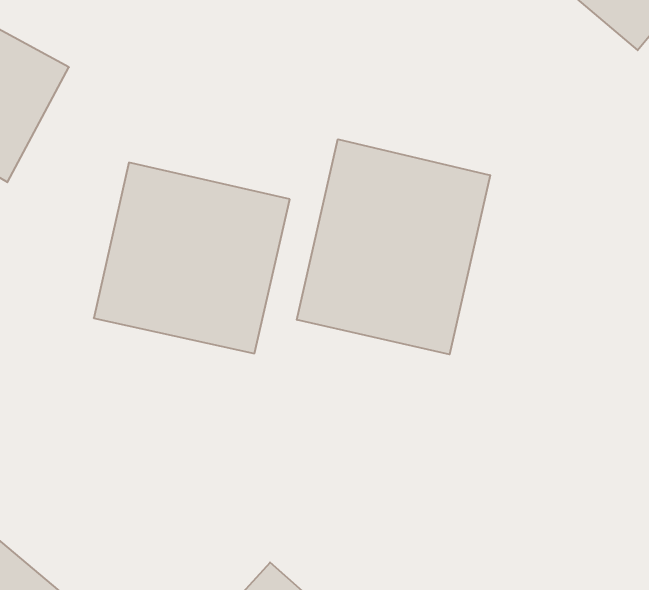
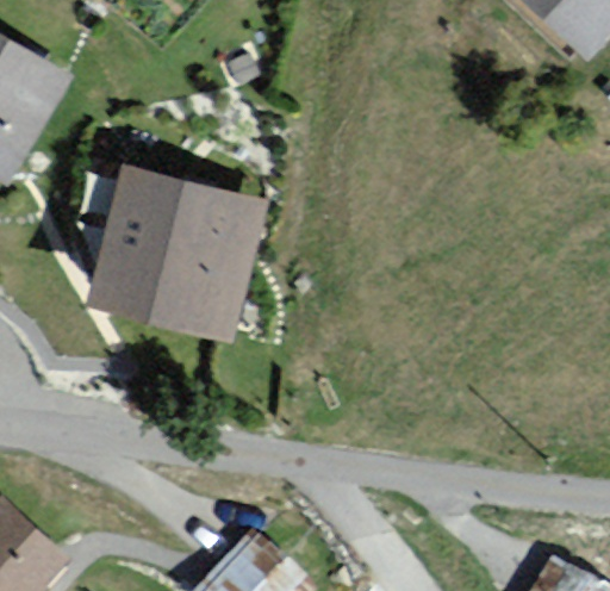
building: [297,139,490,354] -> none

